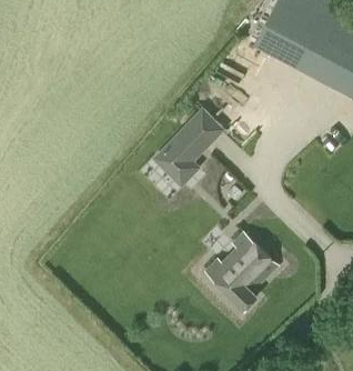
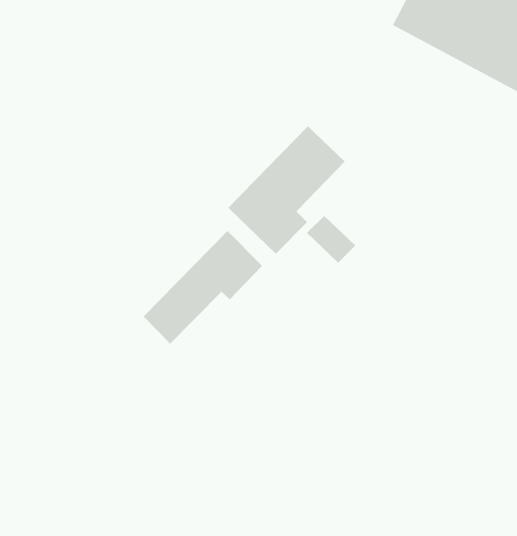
building: none -> [143,230,263,344]
building: [206,233,278,308] -> none

